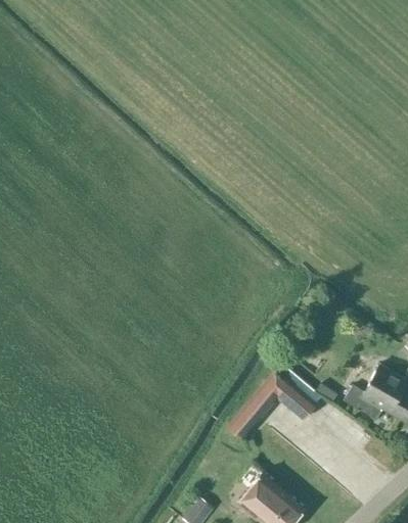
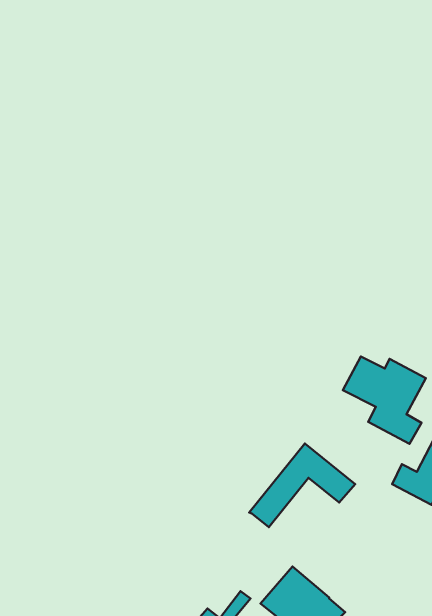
building: none -> [343,357,426,444]

